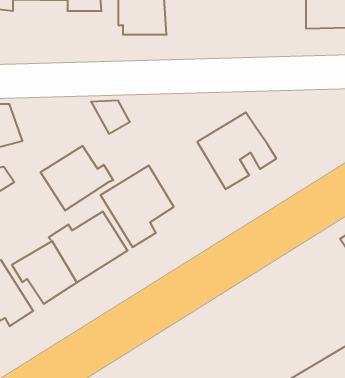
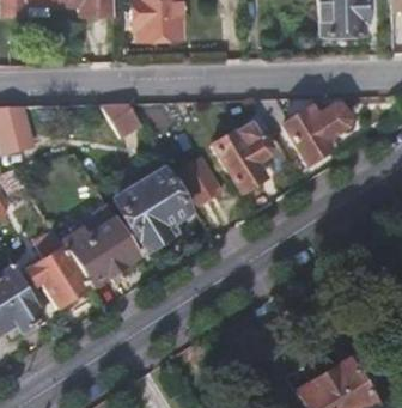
building: none -> [251,99,348,165]
building: [41,146,113,211] -> none
building: none -> [178,156,224,203]

